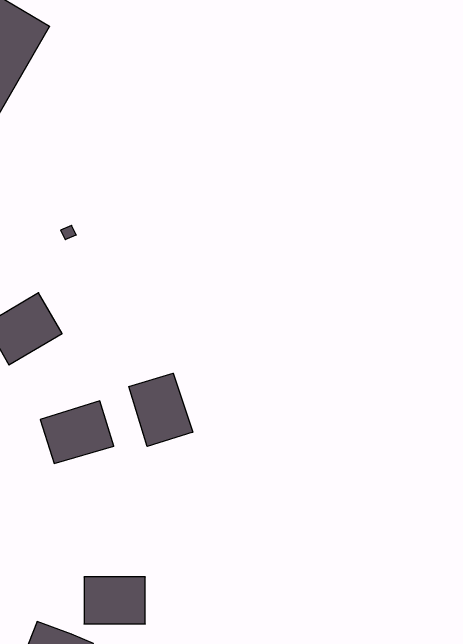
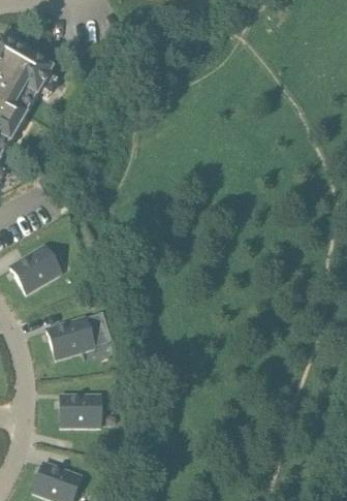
building: [129,373,193,446] -> none
building: [84,577,145,624] -> [60,395,100,426]

